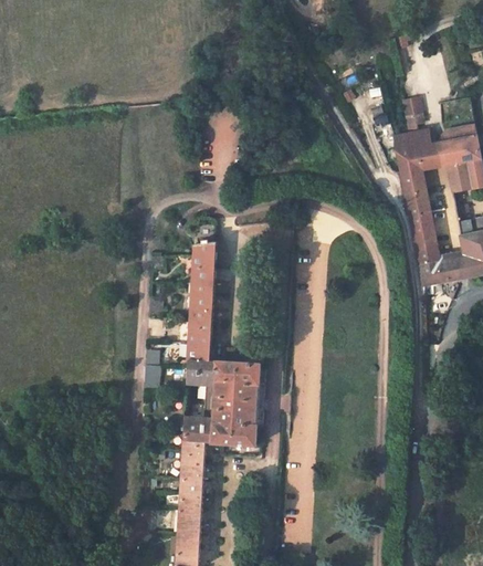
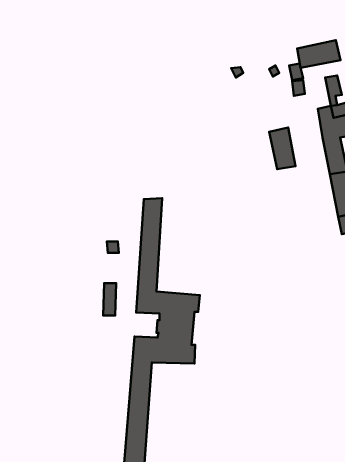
building: none -> [297,40,340,68]
building: none -> [269,128,296,169]

